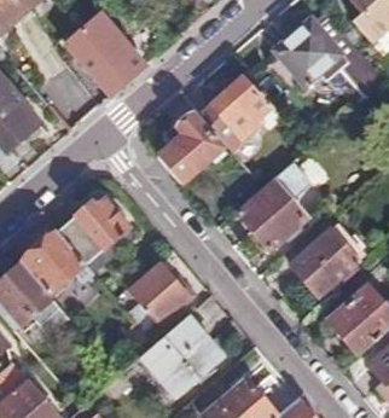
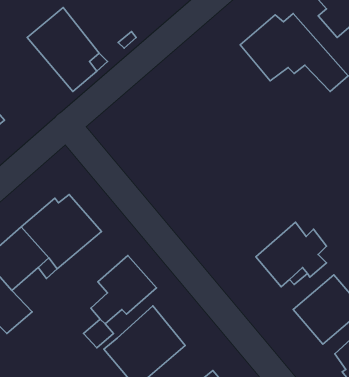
building: [209,77,274,139] -> none
building: [156,111,220,181] -> none
building: [240,158,314,245] -> none

